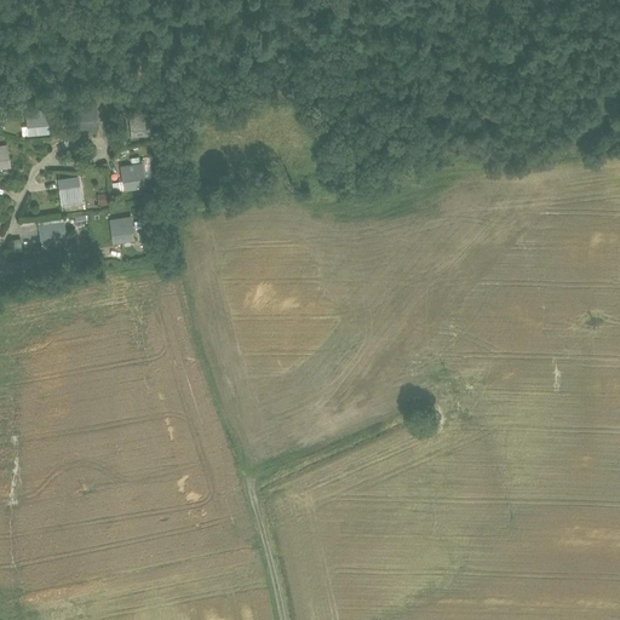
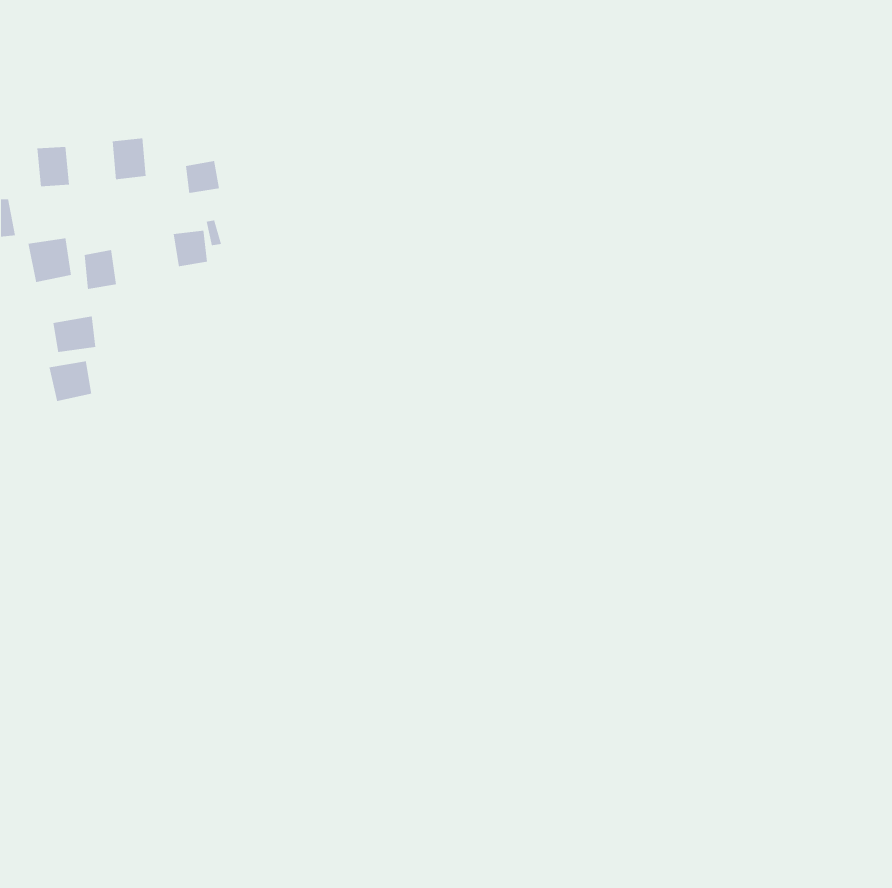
building: none -> [28,237,72,283]
building: [109,216,134,243] -> none
building: none -> [49,360,92,402]

